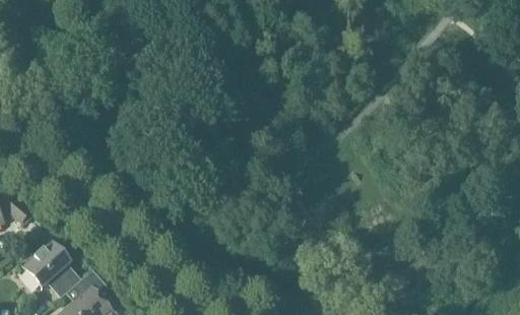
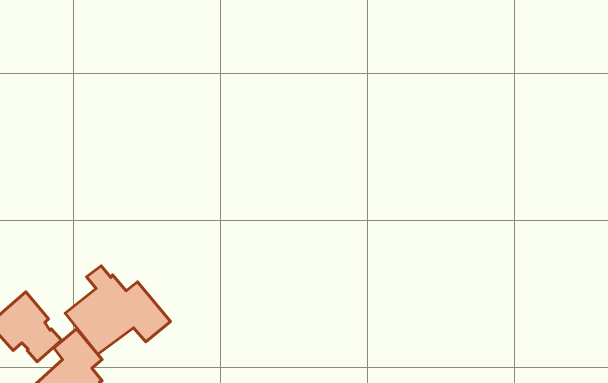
building: none -> [65,266,171,354]

